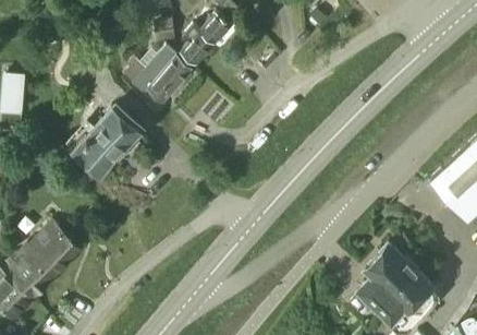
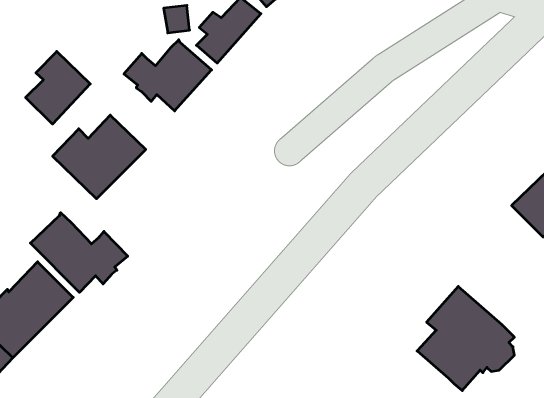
building: none -> [26,51,90,124]
building: none -> [30,213,128,292]

